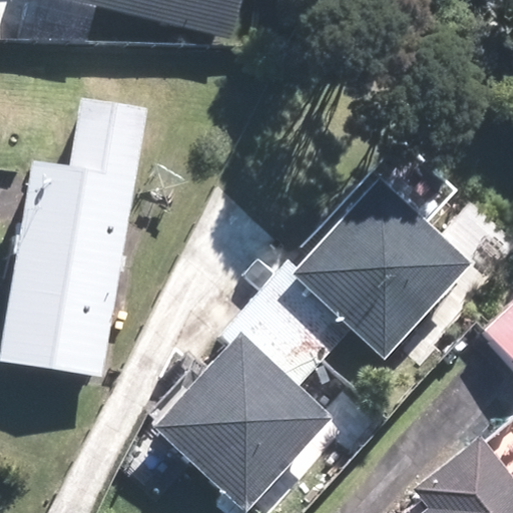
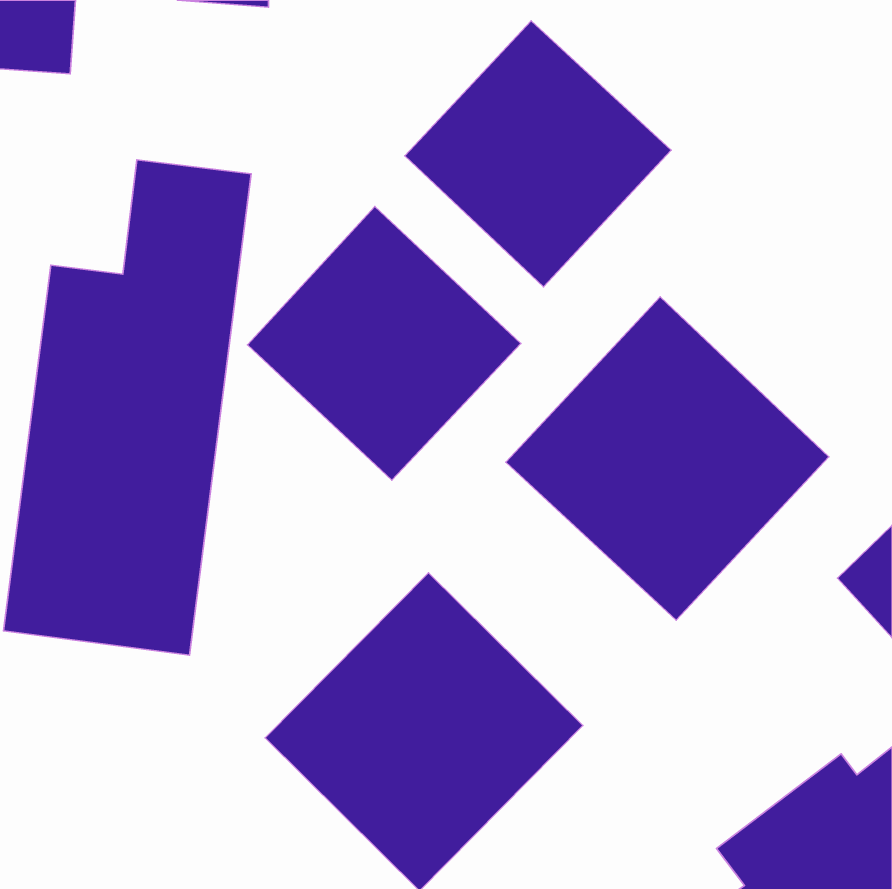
building: none -> [405,21,671,287]
building: none -> [247,207,521,480]

